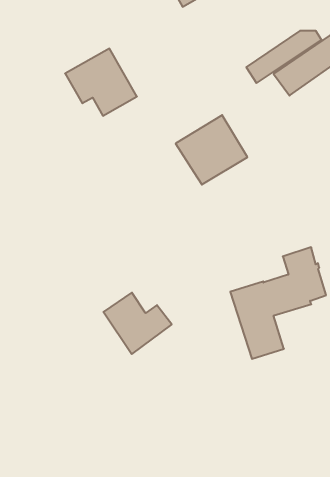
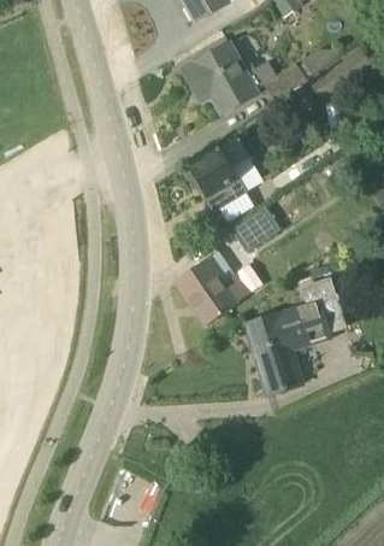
building: [65,49,137,116] -> [183,42,259,113]
building: none -> [231,206,280,252]
building: [103,293,172,354] -> [177,259,249,324]

